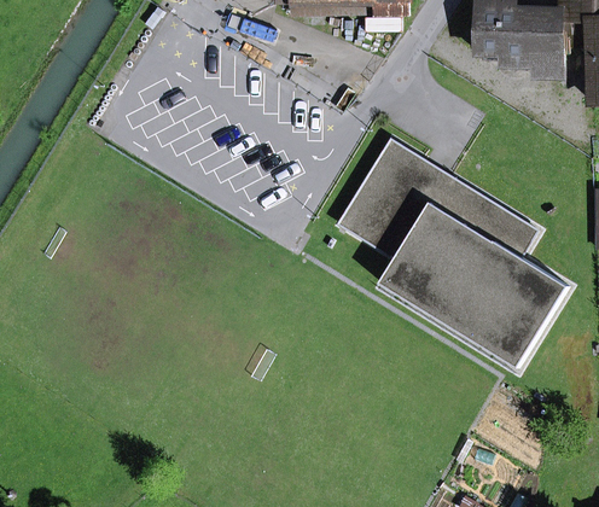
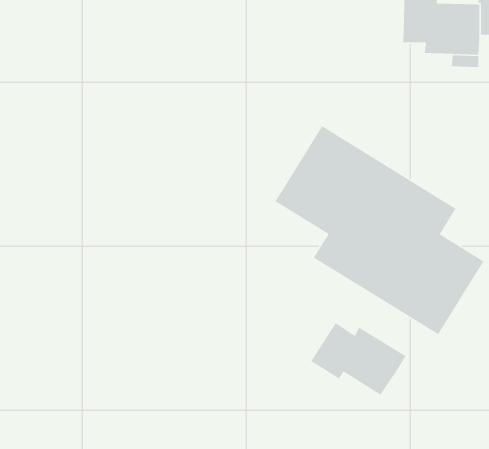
building: none -> [310,322,406,396]

